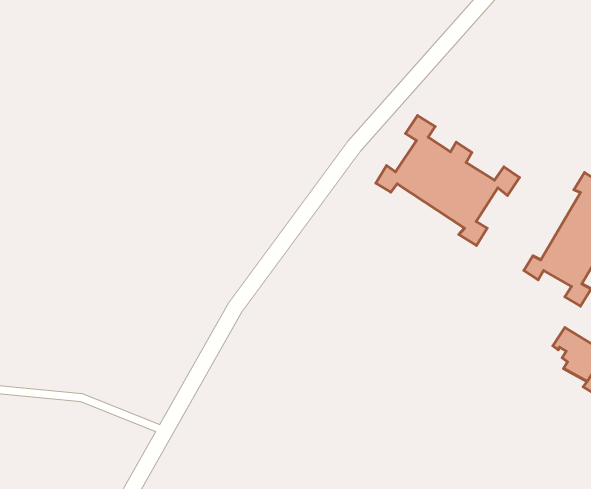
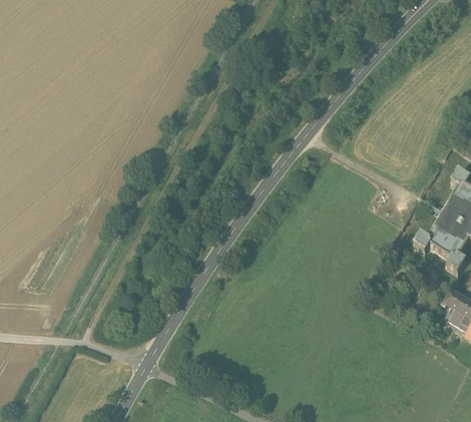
building: [376,116,519,246] -> none

